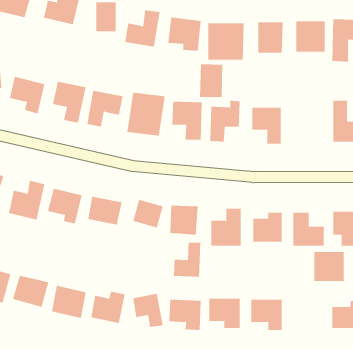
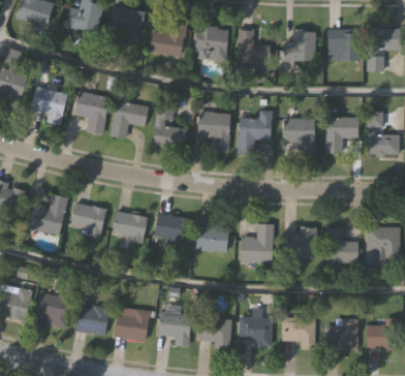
building: [199,64,223,98] -> none
building: none -> [324,118,356,155]
building: [173,242,201,278] -> none
building: [314,252,345,282] -> [325,318,357,349]

